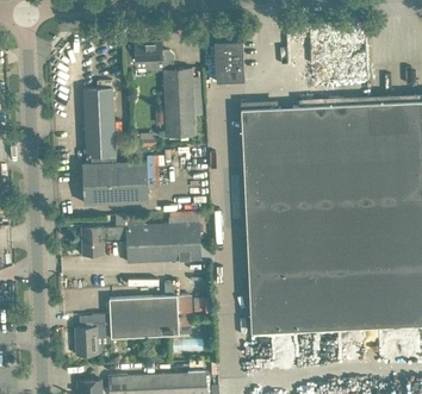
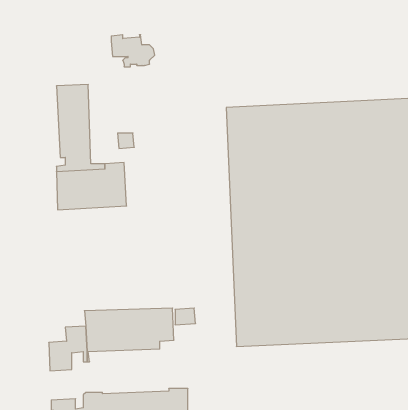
building: [213,39,243,83] -> none
building: [162,70,200,136] -> none
building: [81,213,200,264] -> none

